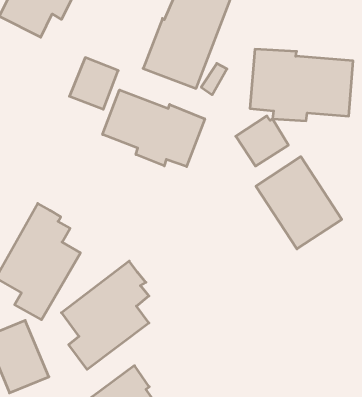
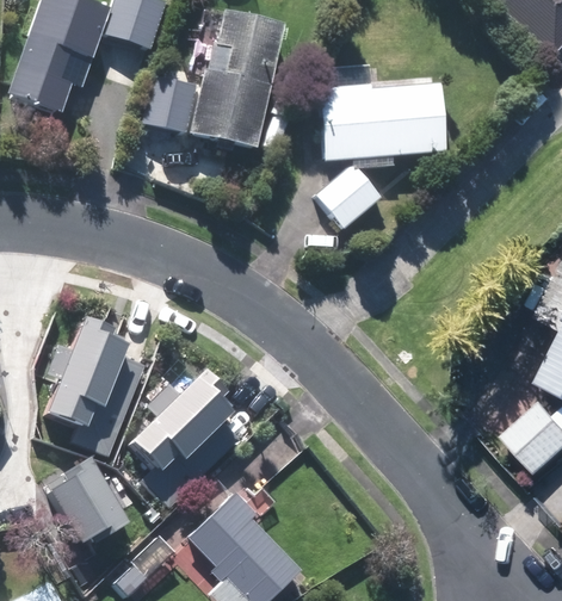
building: [69,58,118,109] -> [142,73,196,131]
building: [103,90,205,167] -> none
building: [256,157,342,249] -> none

